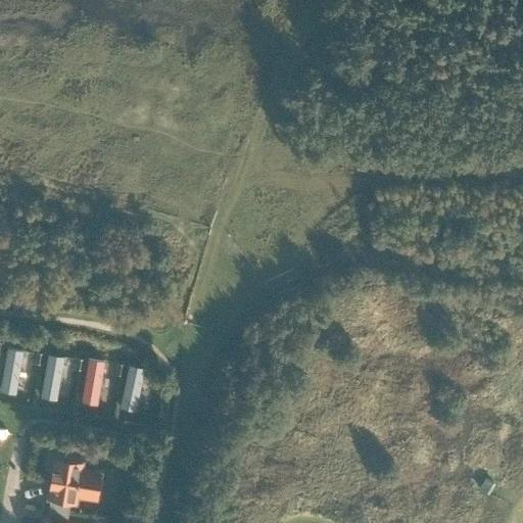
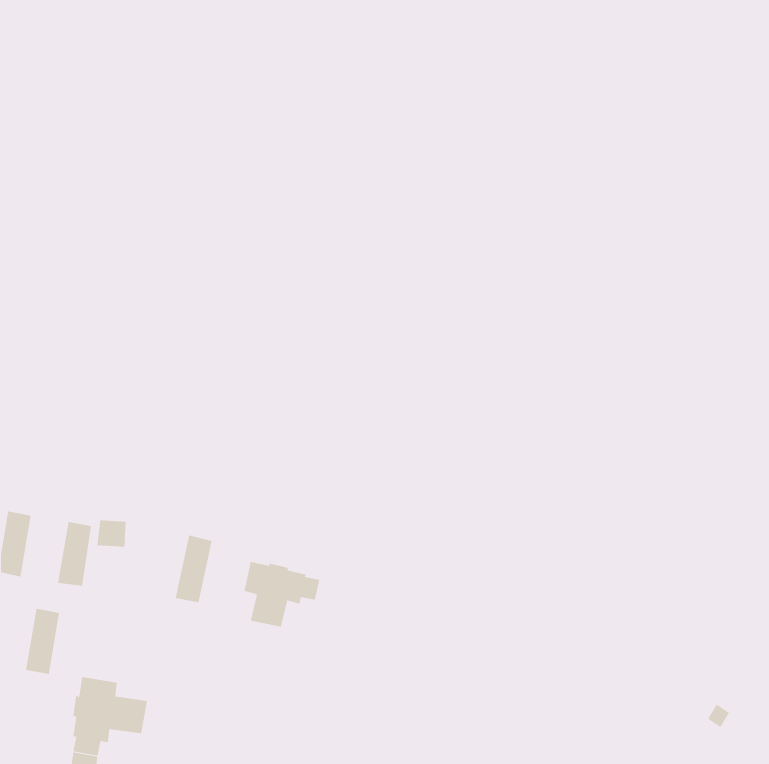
building: [81,361,104,406] -> [25,608,60,675]
building: none -> [244,561,320,627]

